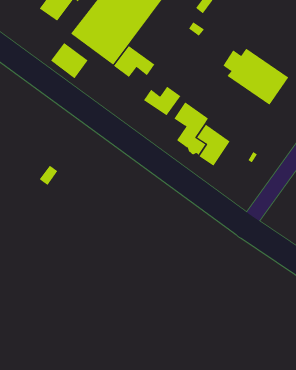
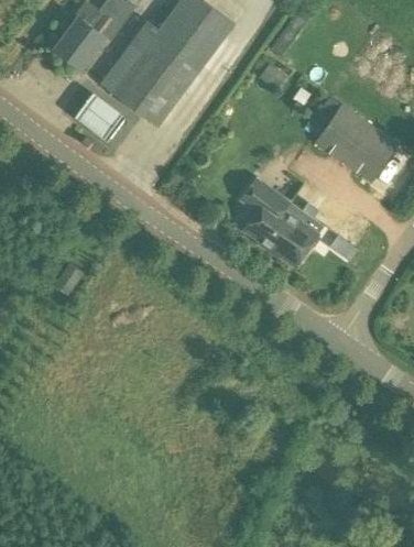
building: [113,45,155,78] -> none
building: [143,86,181,116] -> none

